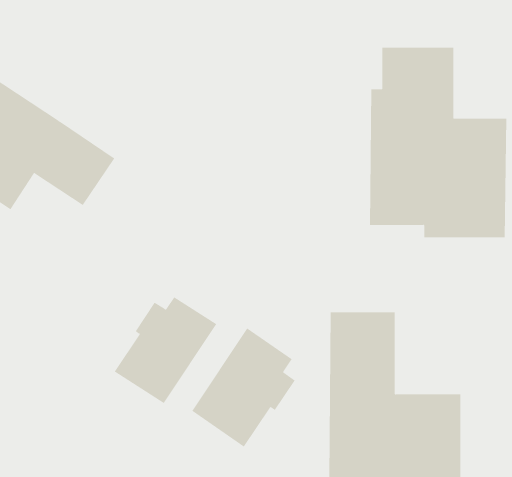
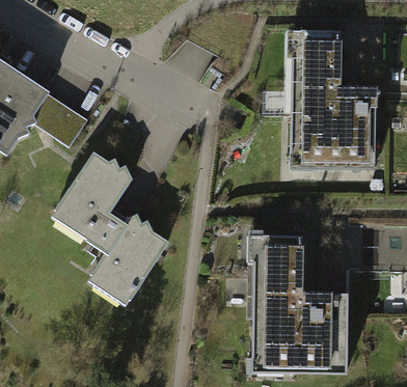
building: none -> [52,150,139,249]
building: [192,328,295,448] -> none

